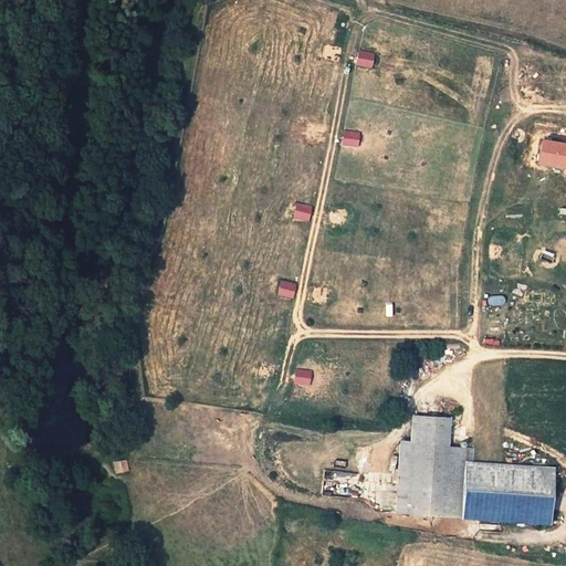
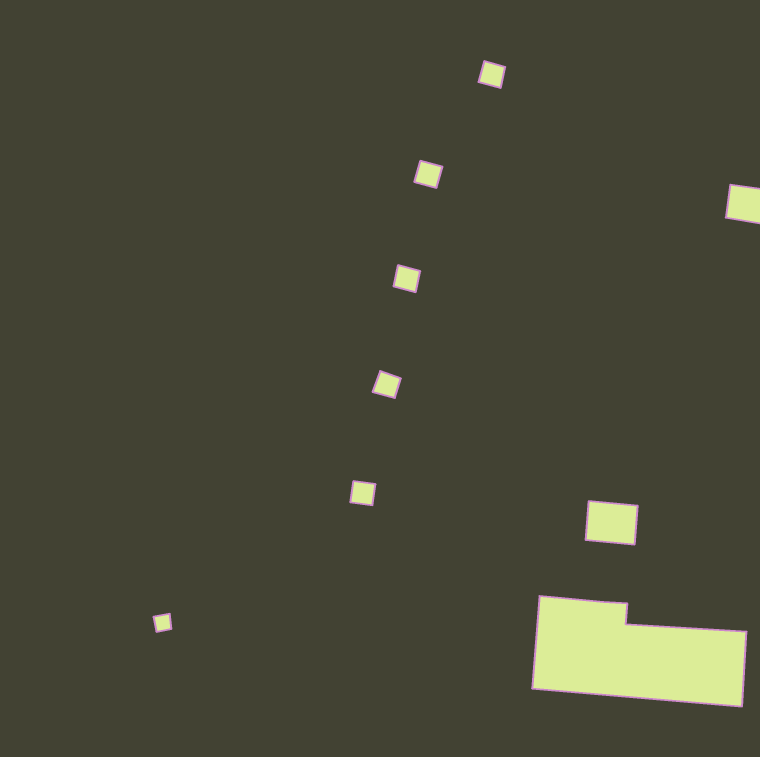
building: [412,415,451,447] -> [586,501,638,544]

